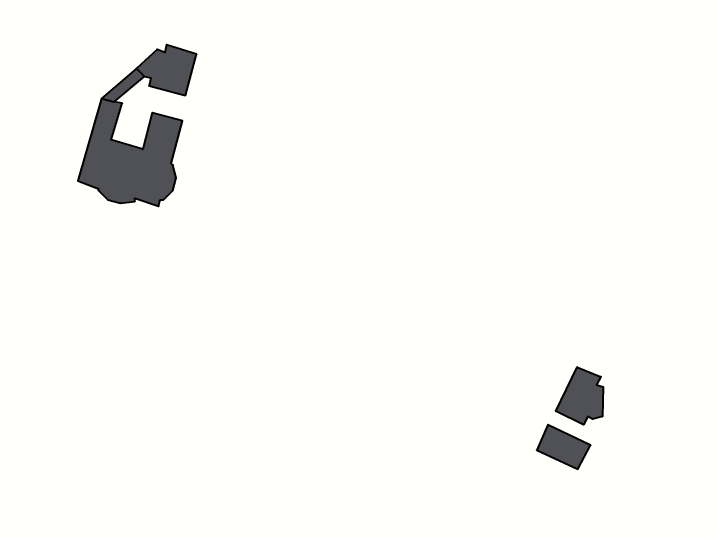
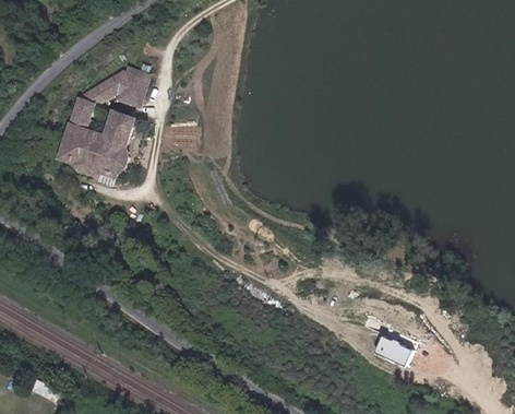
building: [556,367,603,425] -> none

